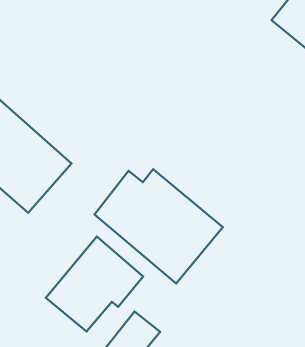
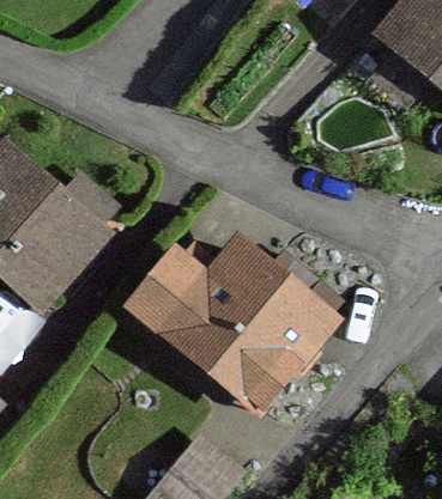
building: [46,237,143,332] -> none

